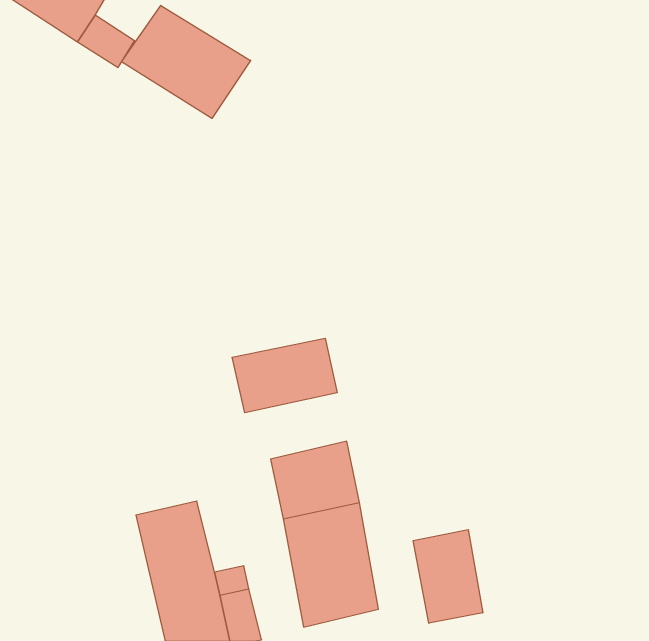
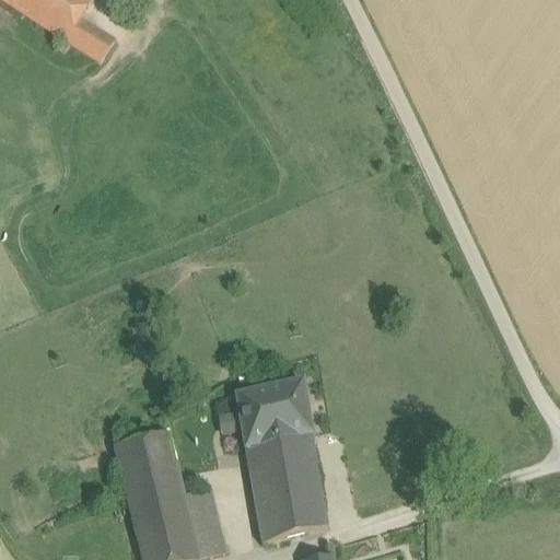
building: [122,5,251,118] -> none
building: [232,338,337,413] -> none
building: [413,530,483,623] -> none

